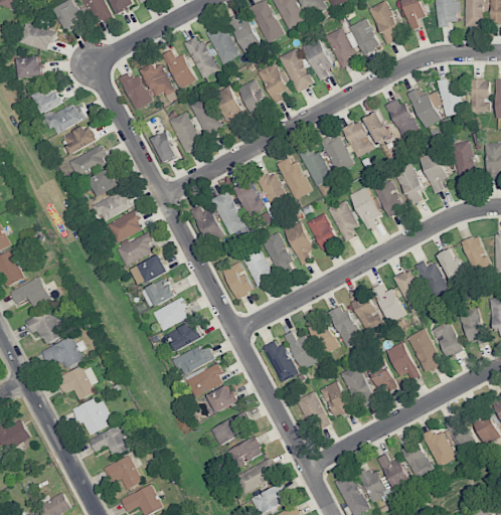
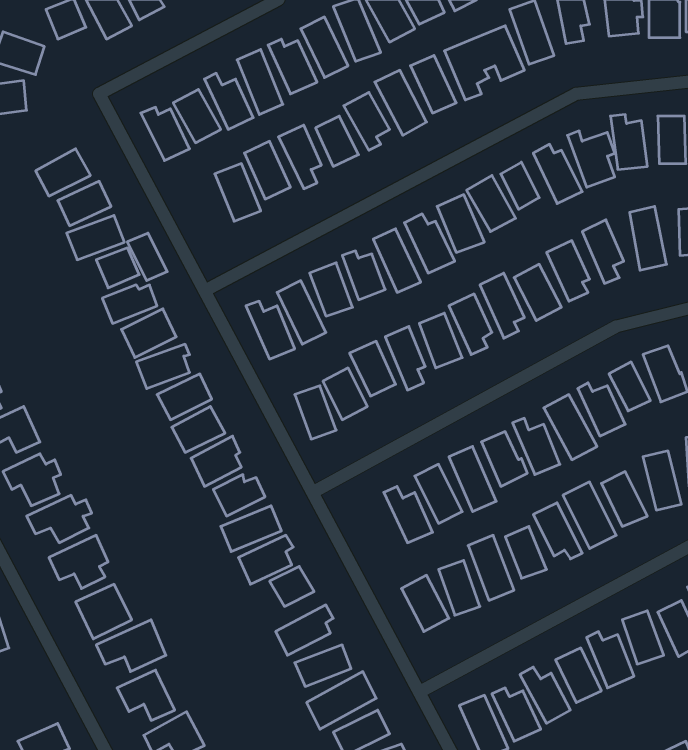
building: [33,91,63,114] -> none
building: [152,131,179,163] -> [127,233,167,281]
building: [265,338,297,382] -> none

